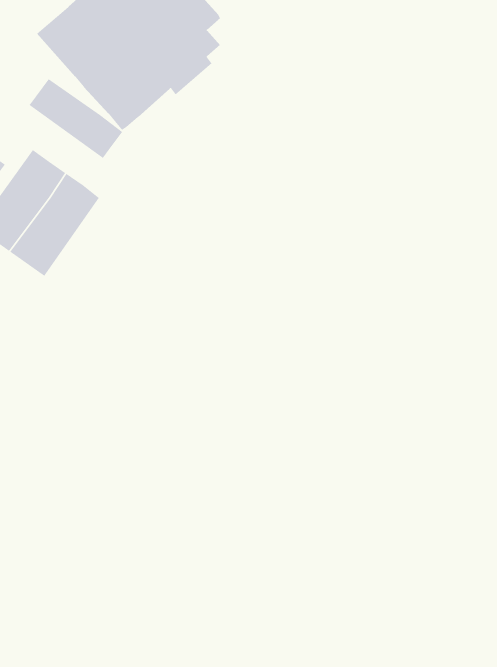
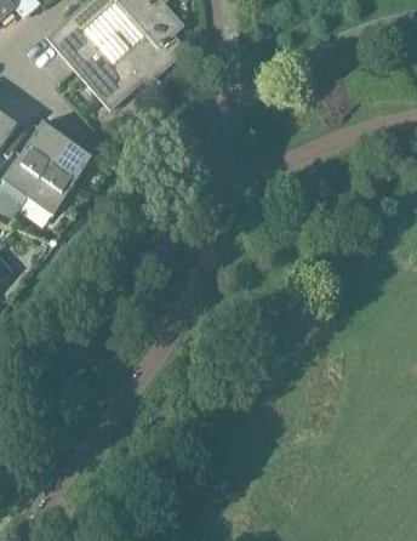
building: [28,78,123,162] -> none

